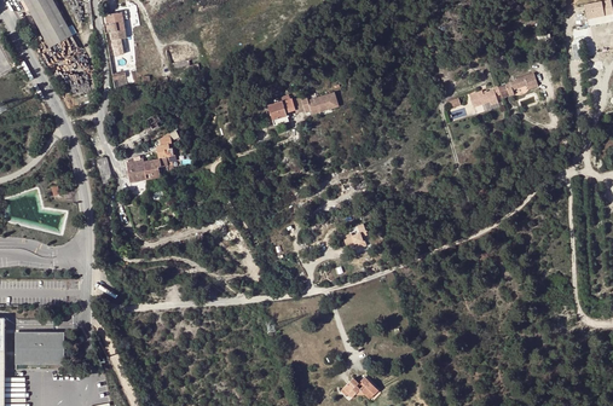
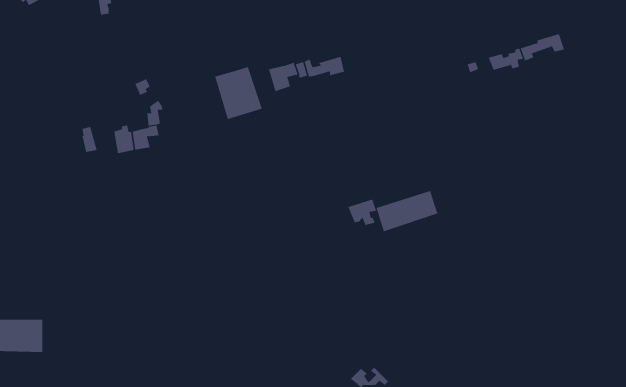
building: none -> [214,66,263,120]
building: none -> [376,190,438,232]

